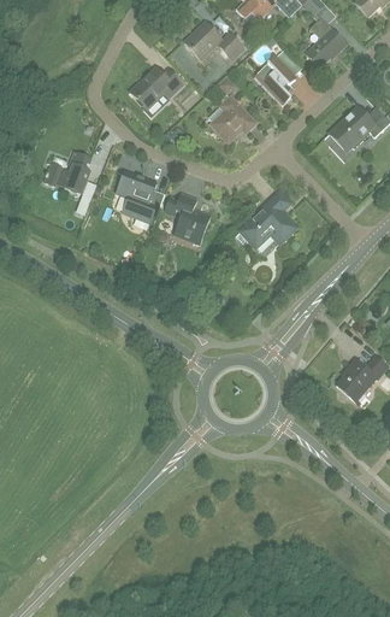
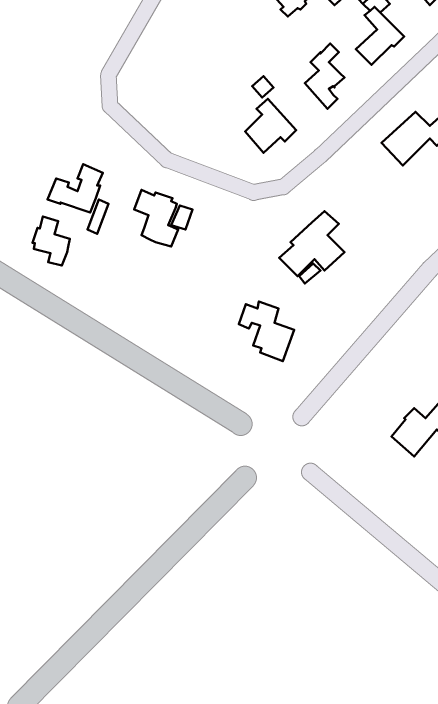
building: [185,20,243,58] -> none
building: [130,67,183,107] -> none
building: [164,192,211,242] -> [239,301,294,361]
building: none -> [33,216,70,266]

